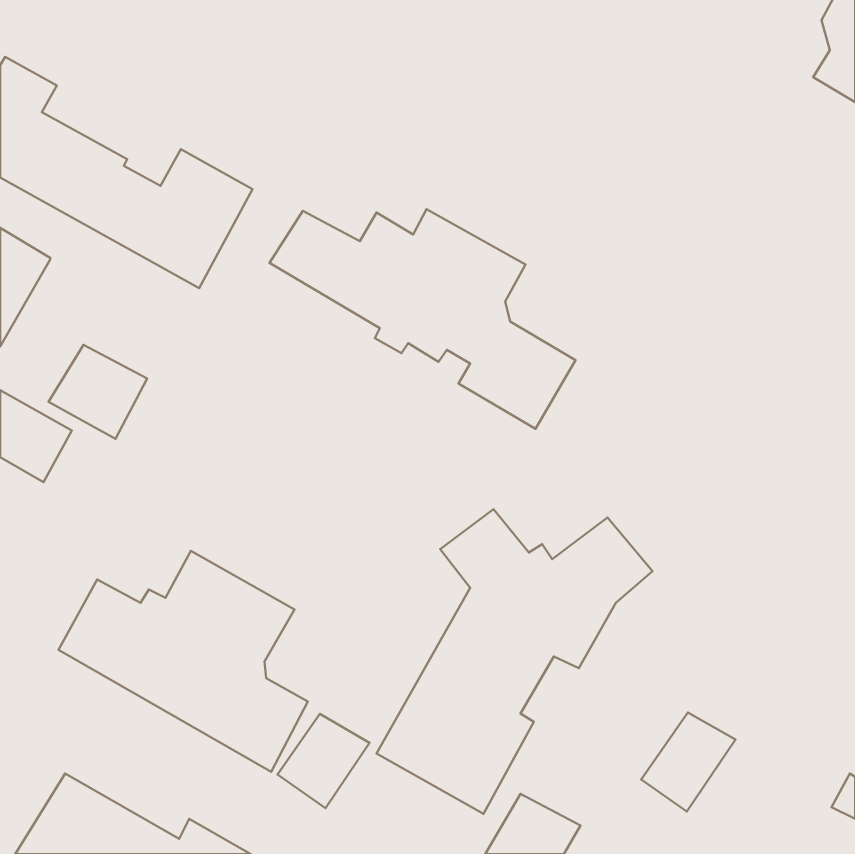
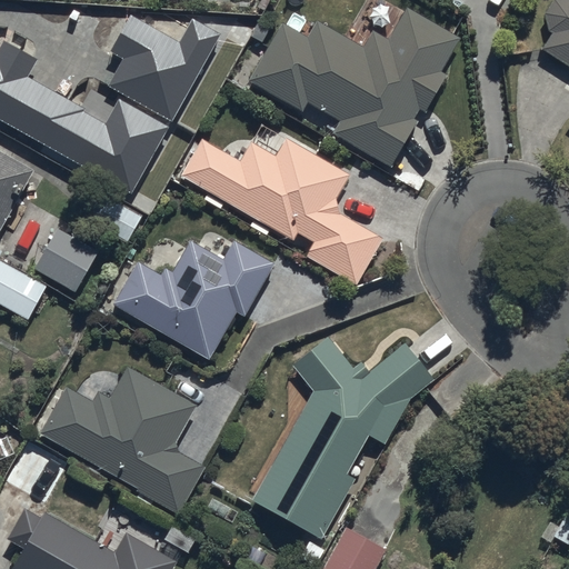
building: none -> [247,6,461,166]
building: none -> [109,12,220,120]
building: none -> [111,239,274,359]
building: [641,713,736,811] -> none
building: [277,714,369,808] -> none

